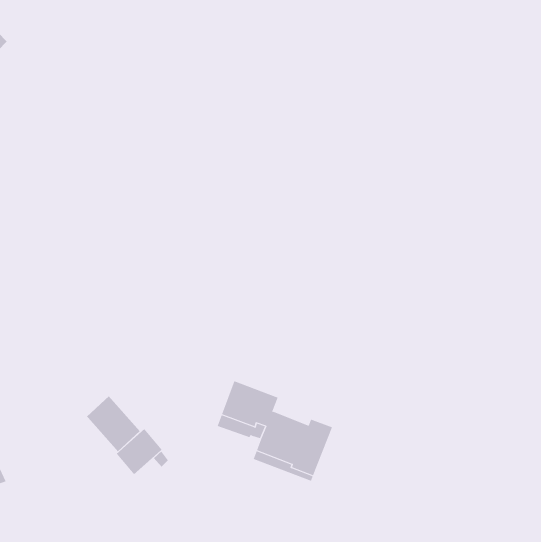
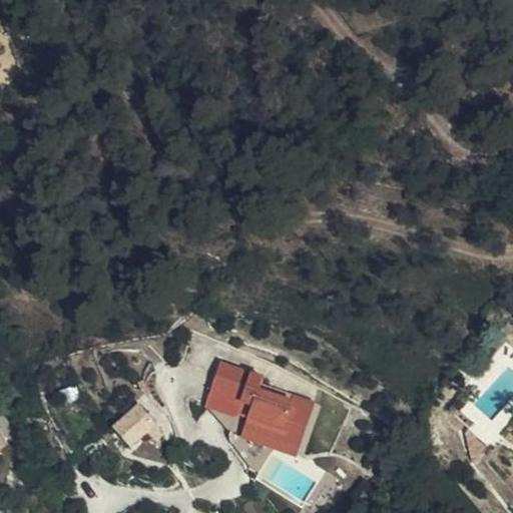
building: [86,396,140,452] -> none

